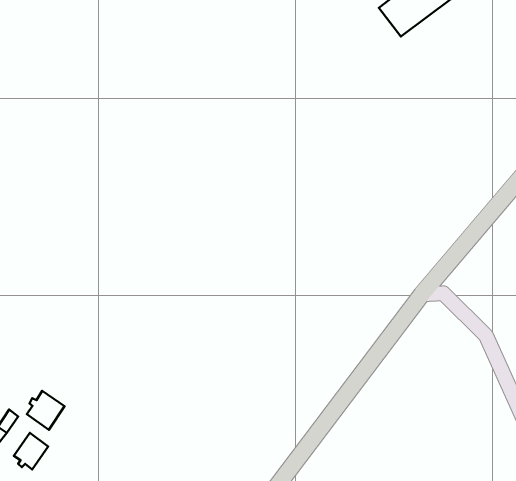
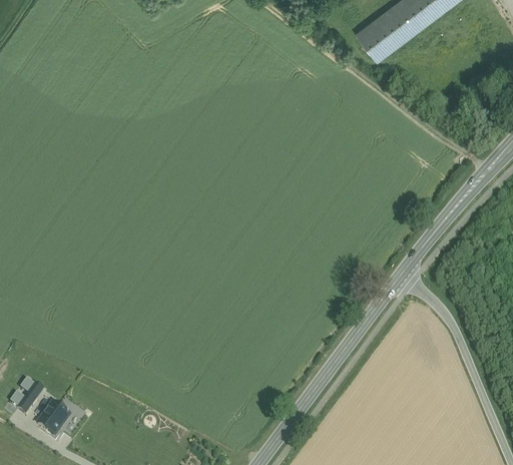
building: [27,391,64,430] -> none

